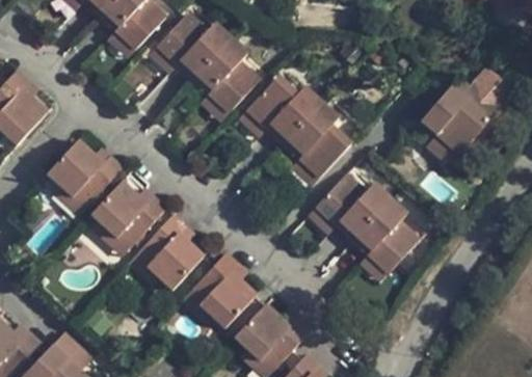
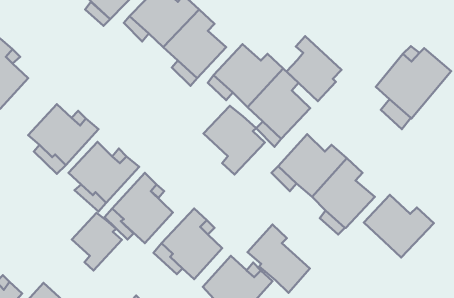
building: none -> [287,36,342,101]
building: none -> [204,106,265,174]
building: none -> [364,195,434,257]
building: none -> [72,213,122,270]
building: none -> [248,225,310,293]

